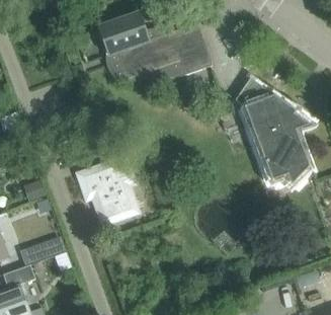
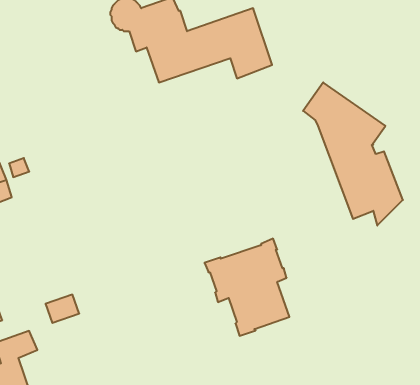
building: [74,154,138,227] -> [204,239,289,336]

